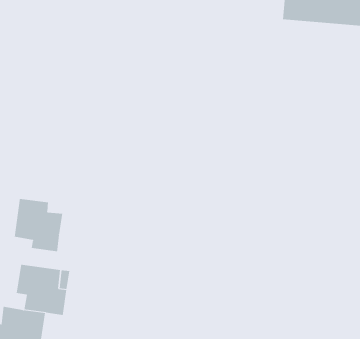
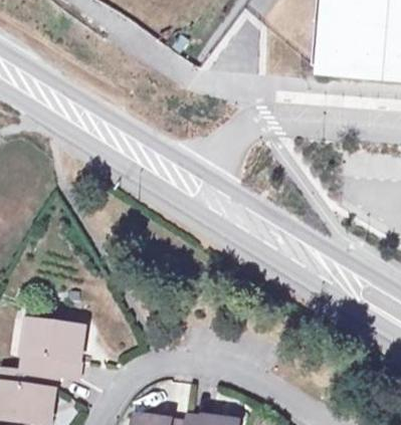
building: [14,198,63,252] -> none

